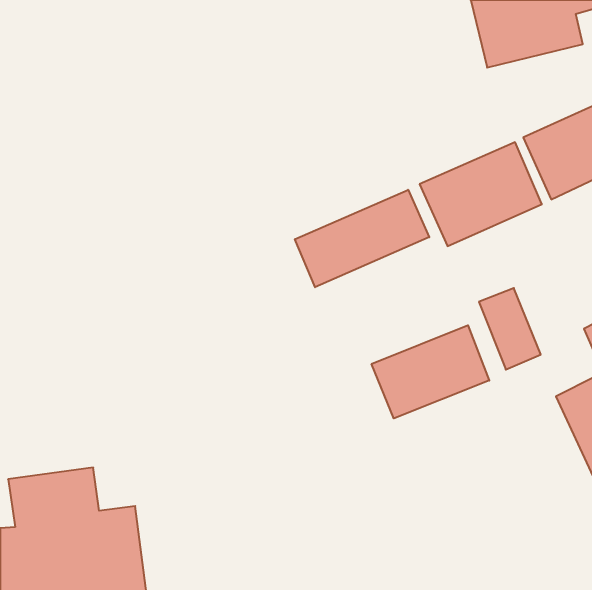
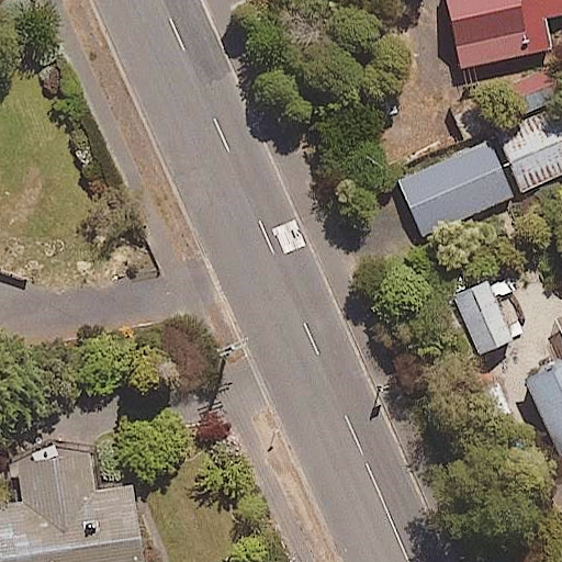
building: [295,190,429,287] -> none
building: [372,325,489,418] -> none

